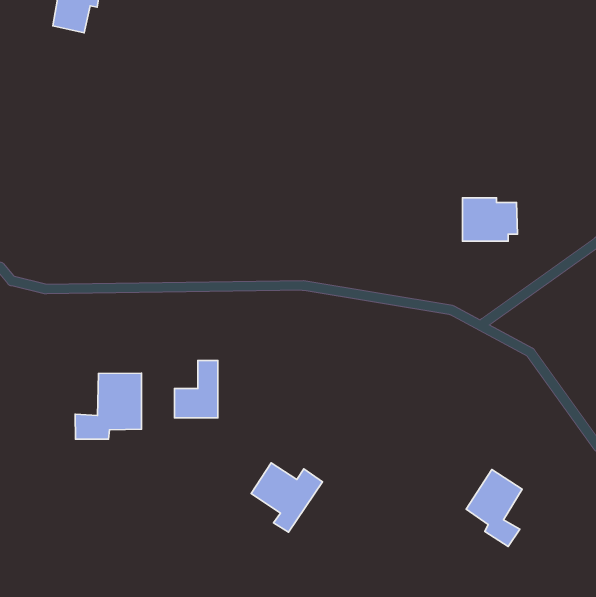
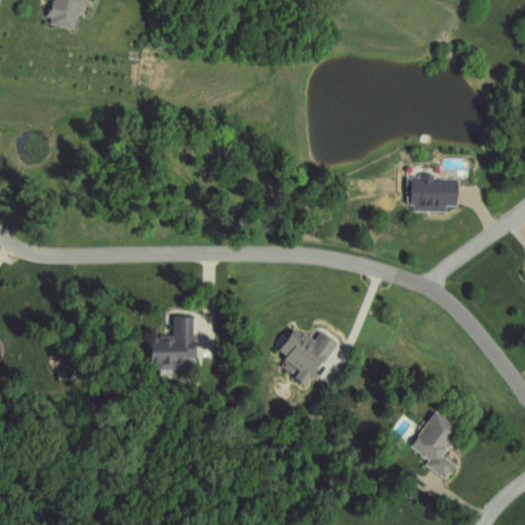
building: [75,373,142,439] -> none
building: [251,463,323,532] -> [274,325,336,386]

